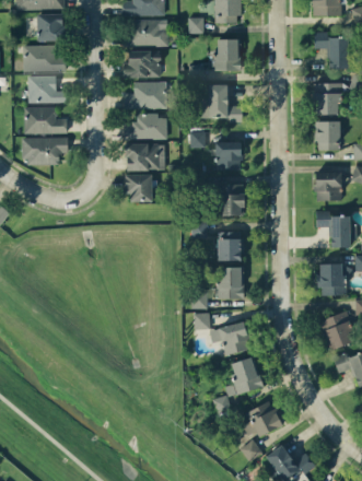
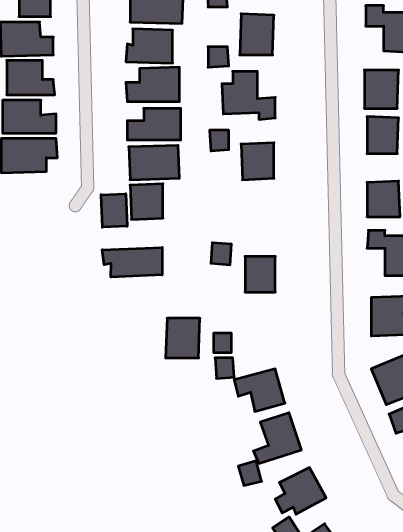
building: none -> [101,194,127,227]
building: [213,184,244,215] -> none
building: none -> [102,247,162,277]
building: [217,267,244,298] -> [166,318,200,358]

